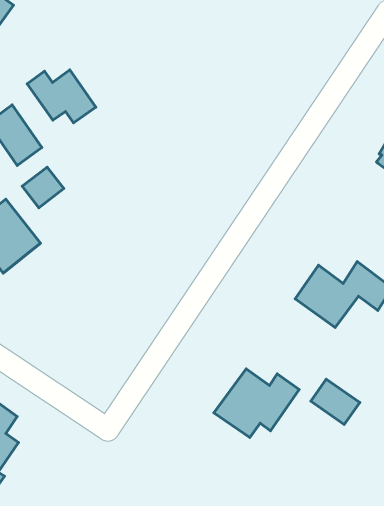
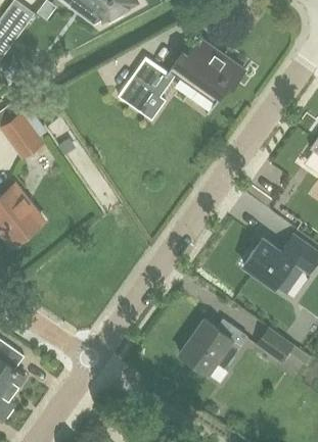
building: none -> [119,38,245,120]
building: [27,70,96,123] -> none
building: [22,167,64,208] -> none

